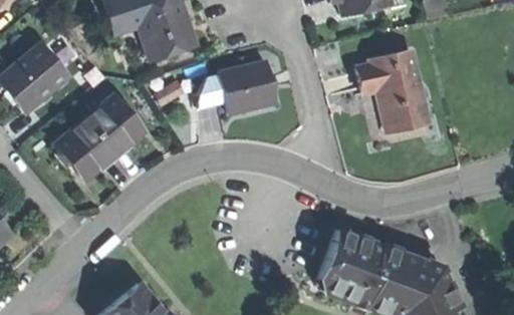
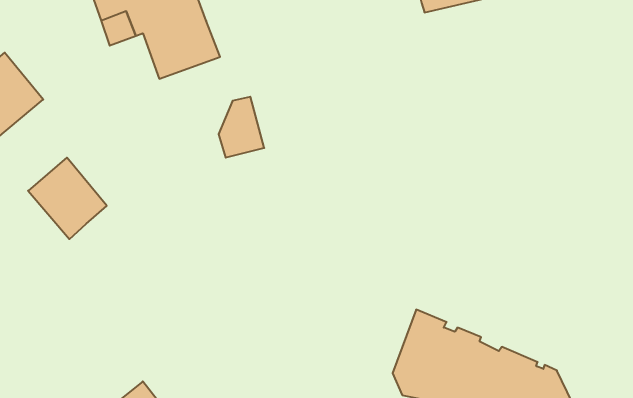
building: [359,50,431,133] -> none
building: [218,60,275,112] -> none
building: [84,95,143,154] -> none

